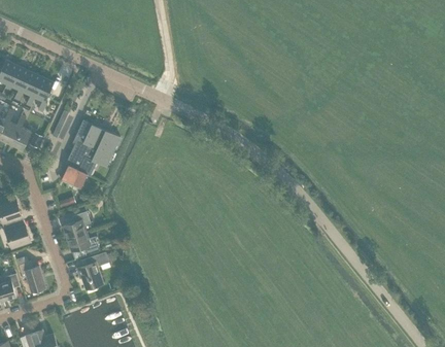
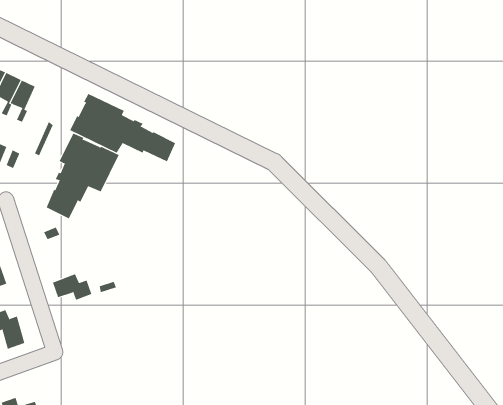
building: none -> [69,93,176,162]
building: [62,210,90,238] -> none
building: [76,250,108,287] -> none

